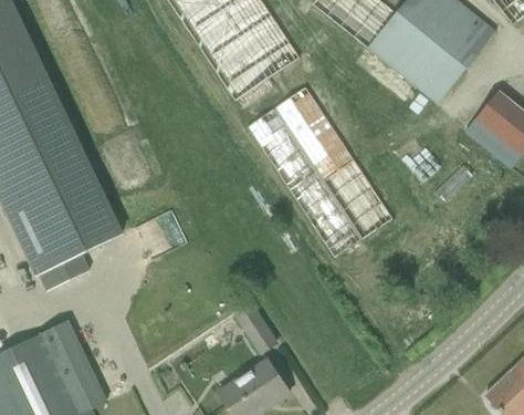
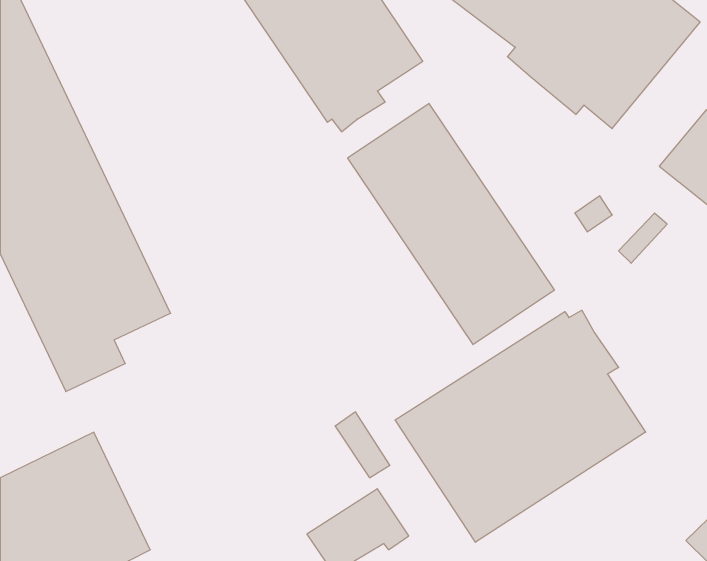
building: none -> [395,310,646,542]

